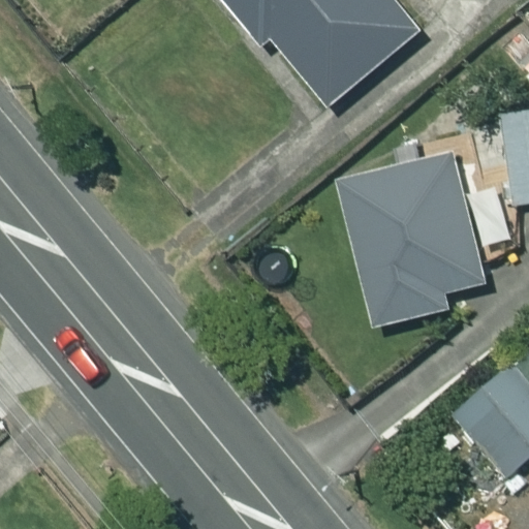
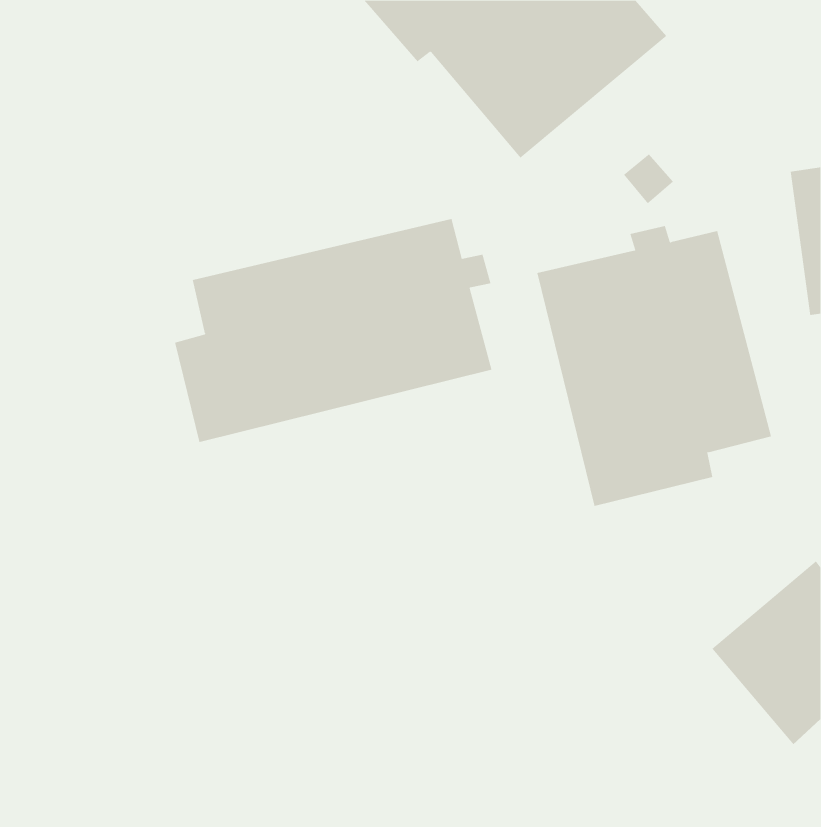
building: none -> [174,218,492,443]

